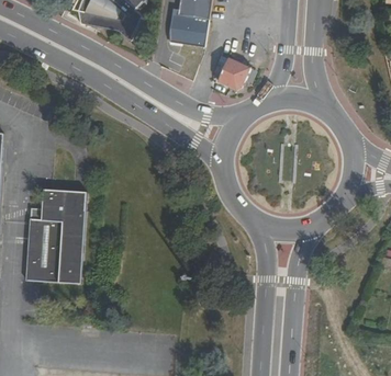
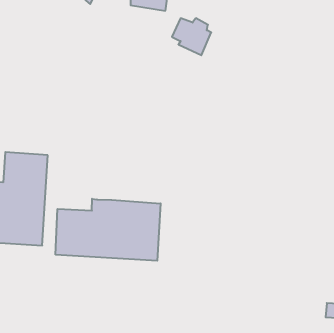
building: none -> [56,199,161,261]

